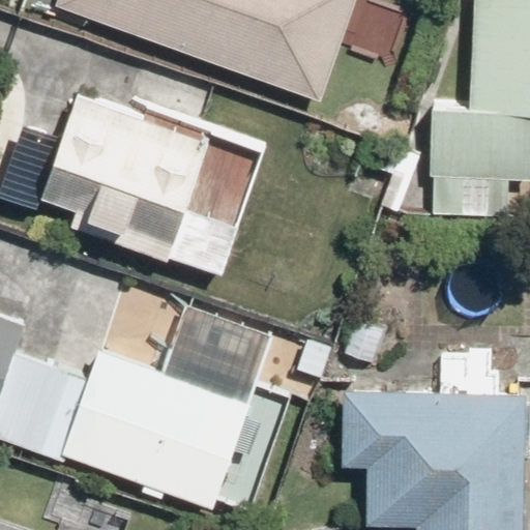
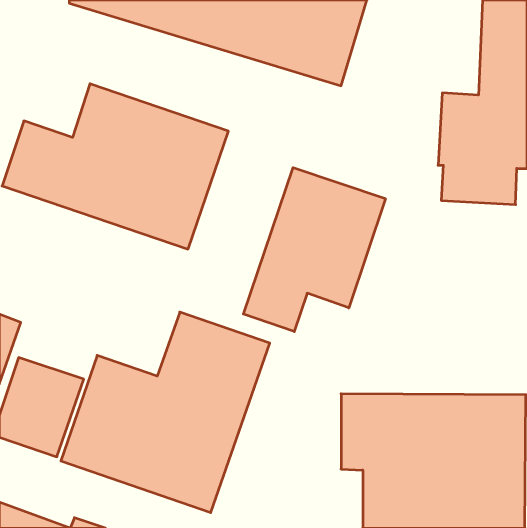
building: none -> [243,168,385,332]

